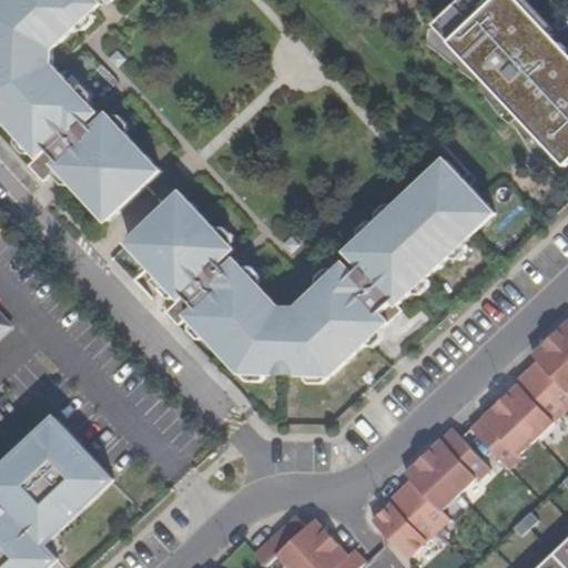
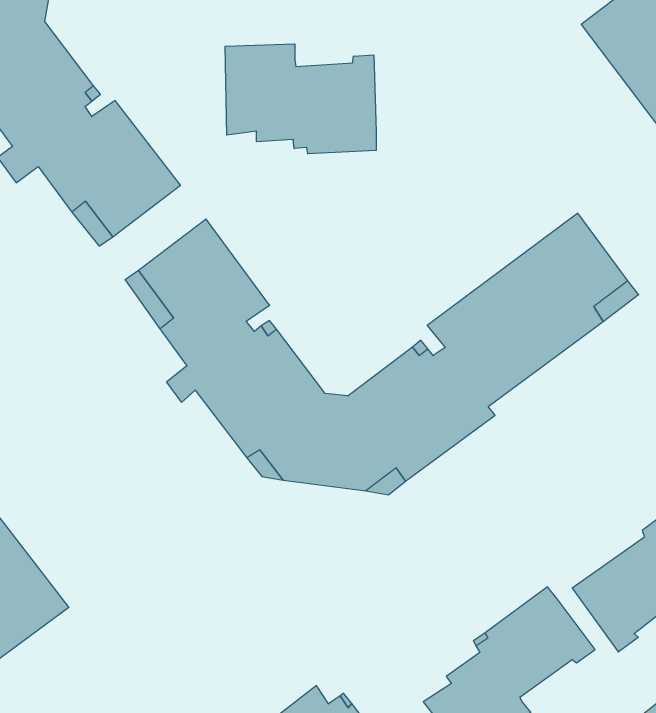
building: none -> [225,44,376,154]

